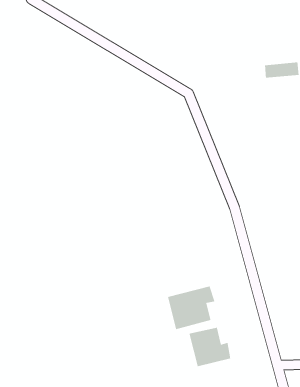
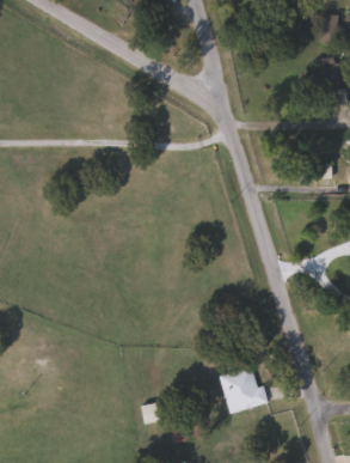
building: [167,286,216,330] -> none

